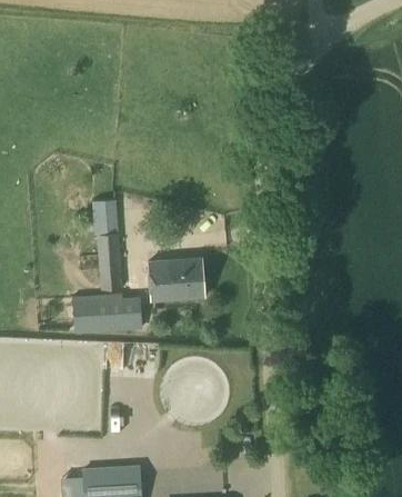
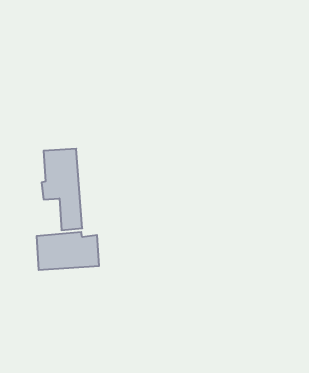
building: [148,259,203,299] -> none

